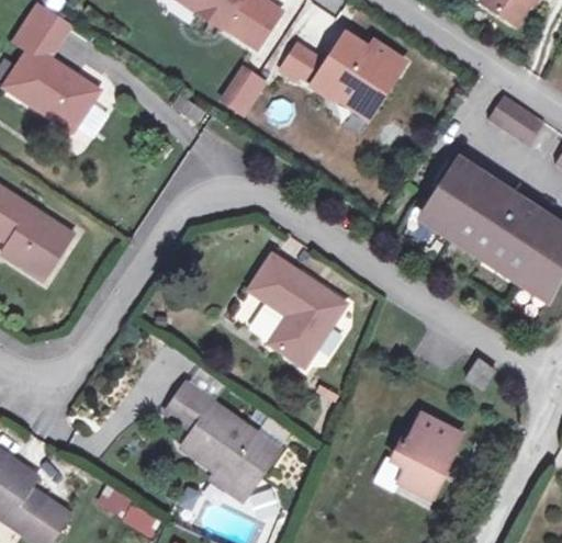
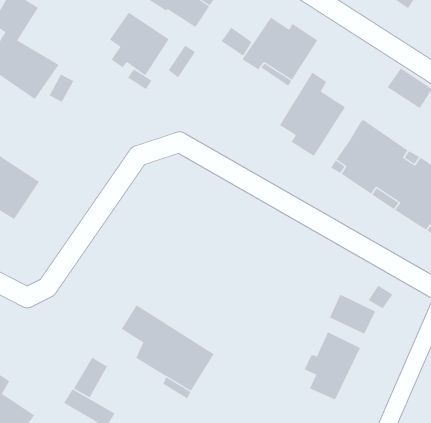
building: none -> [109,12,170,76]
building: none -> [279,72,346,157]
building: [248,256,341,361] -> none
building: none -> [329,294,376,334]
building: none -> [73,357,108,398]

